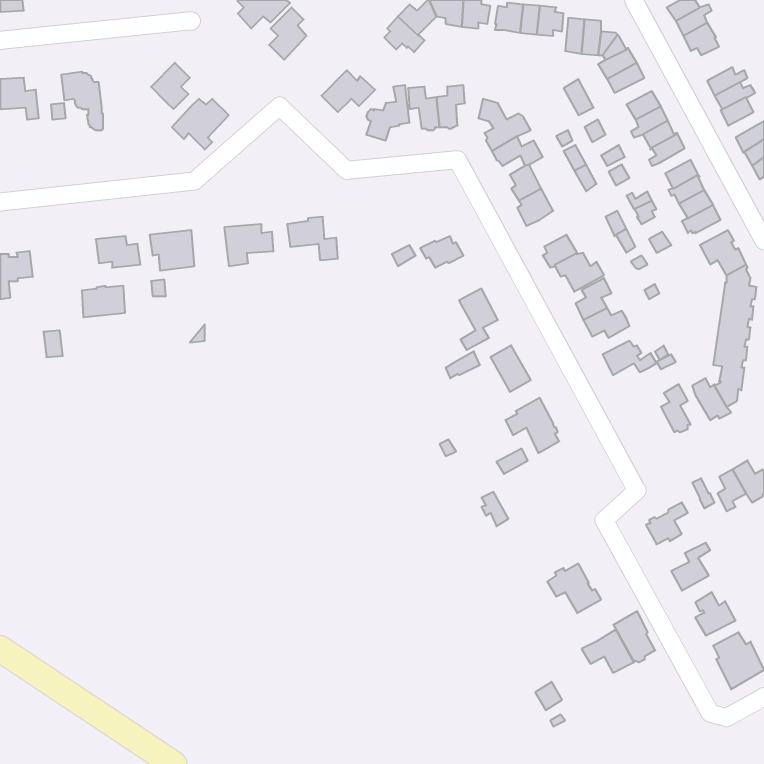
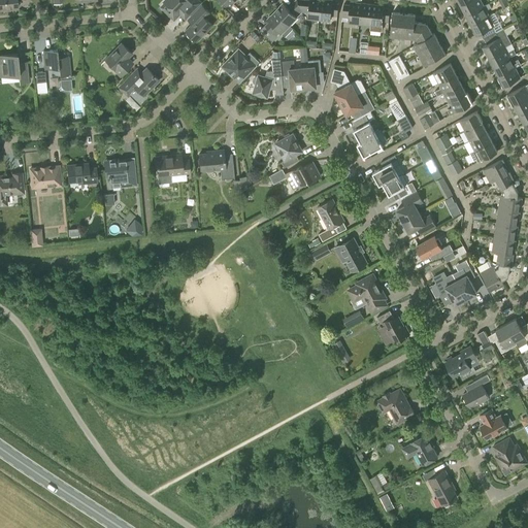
building: none -> [483,28,512,56]
building: none -> [275,133,301,167]
building: [82,286,125,317] -> [30,166,60,188]
building: none -> [436,277,465,304]
building: none -> [376,310,409,340]
building: [613,611,655,662] -> [428,470,457,505]

